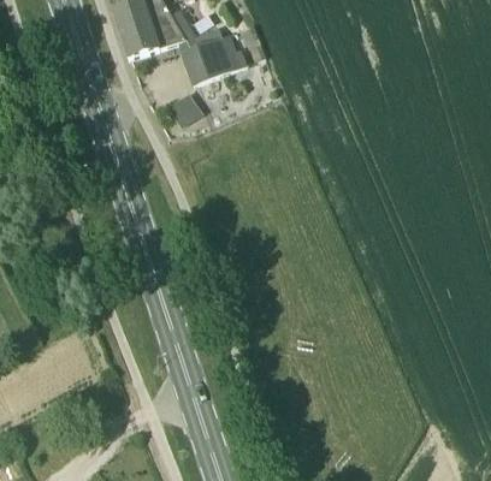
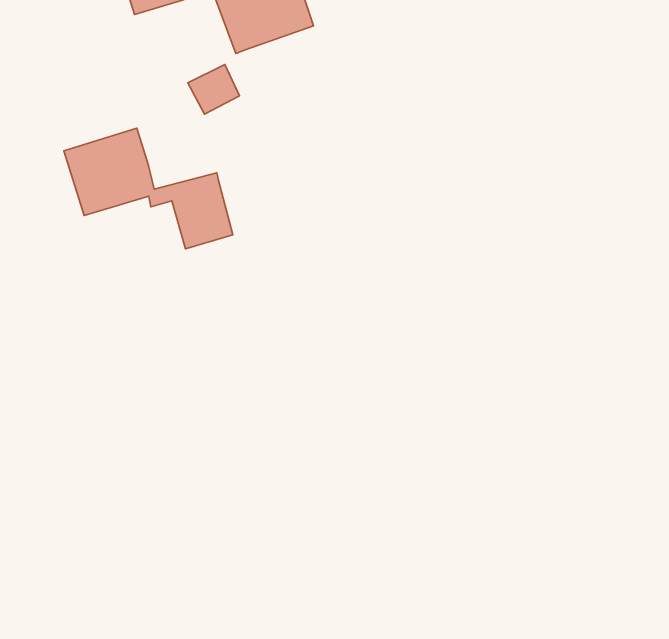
building: none -> [64,128,233,249]

